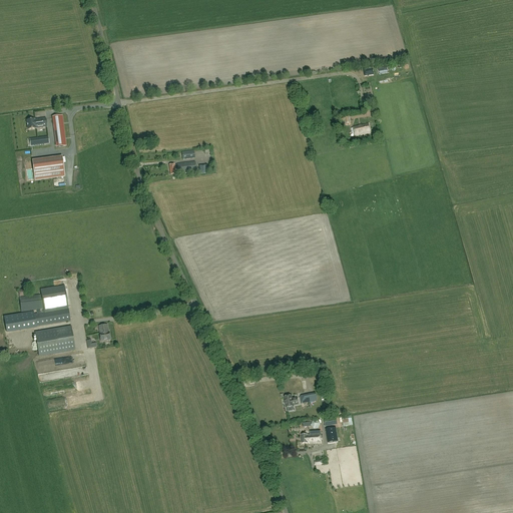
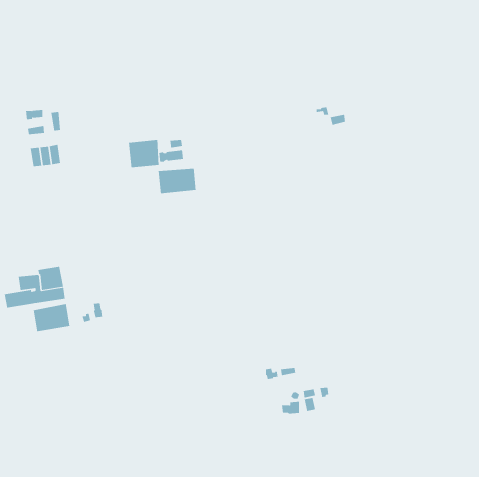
building: none -> [128,139,159,168]
building: none -> [158,168,196,194]

